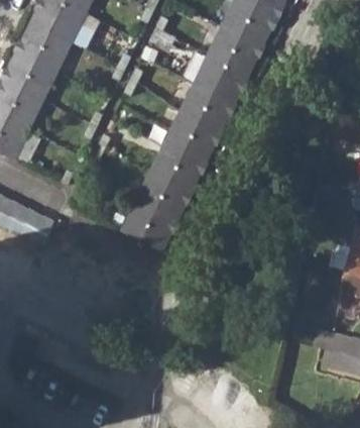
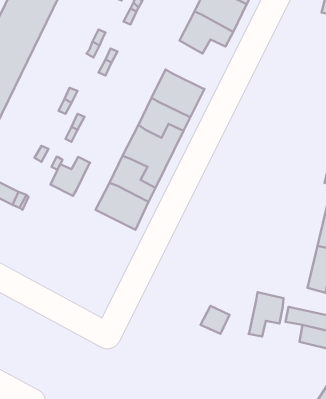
building: [190,62,250,111] -> none
building: none -> [51,157,90,196]
building: none -> [248,292,283,337]

